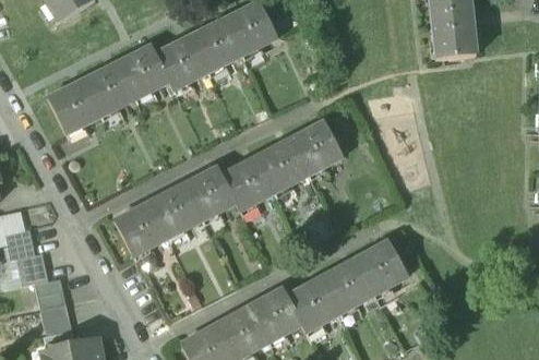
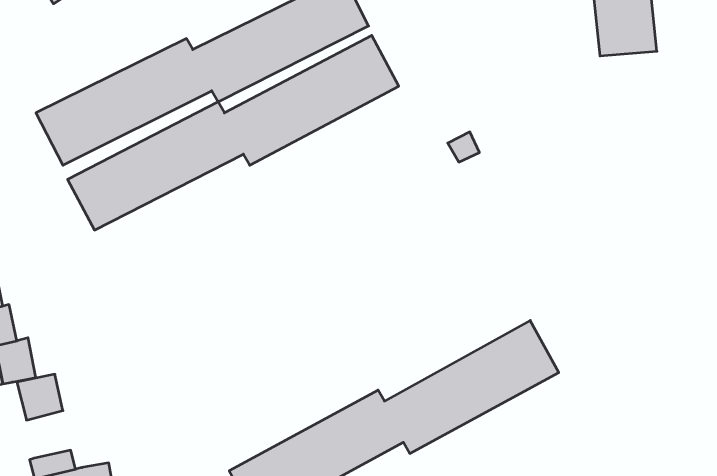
building: [113,120,342,254] -> [68,35,399,230]
building: [40,301,71,334] -> none

